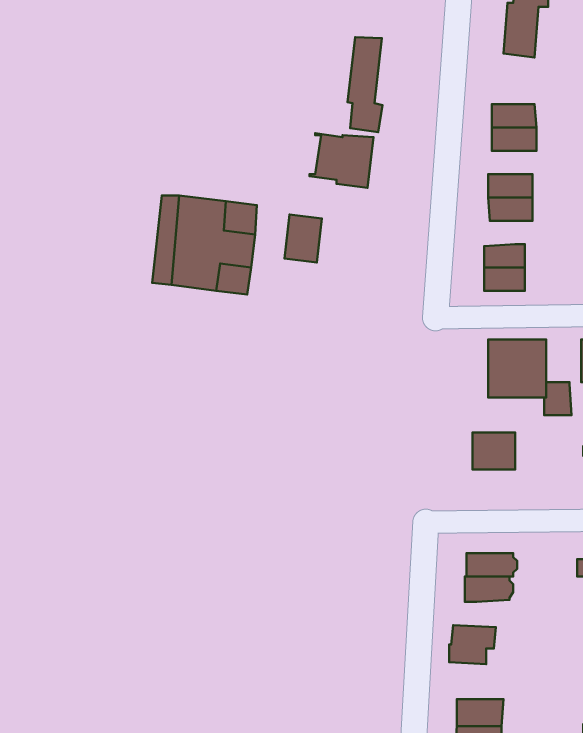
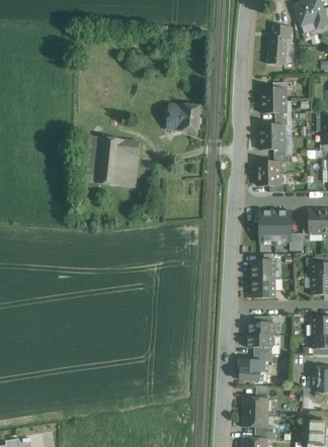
building: [348,37,383,132] -> none
building: [284,215,322,262] -> none
building: none -> [252,278,274,297]

